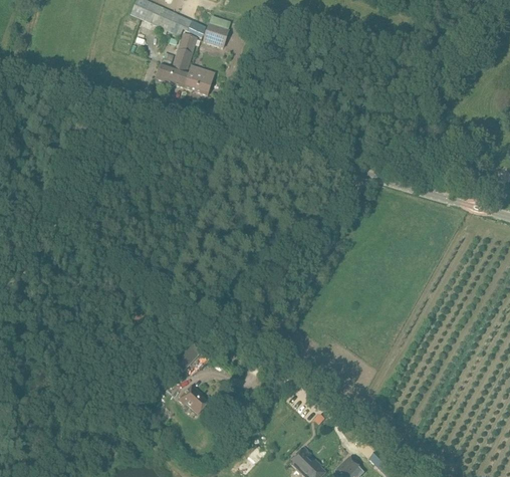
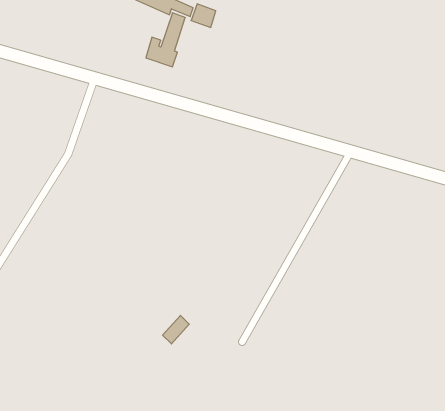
building: [184,65,214,94] -> none
building: [179,385,208,413] -> none

